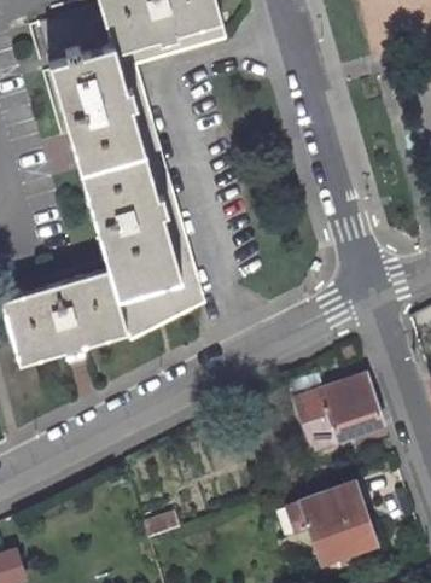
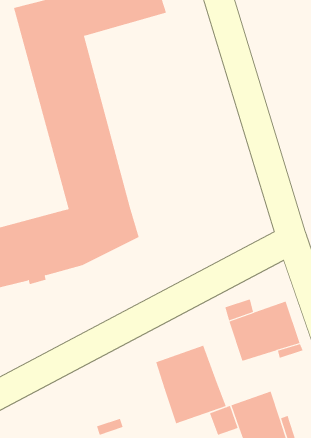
building: none -> [155,345,227,424]

